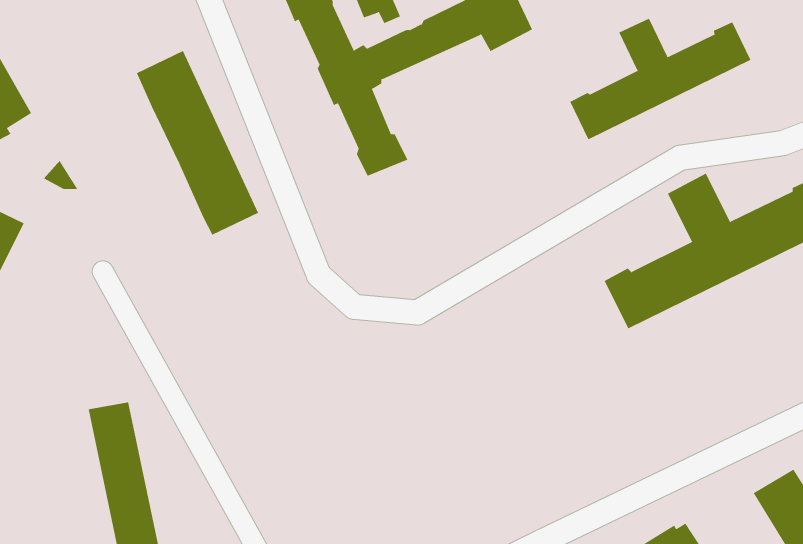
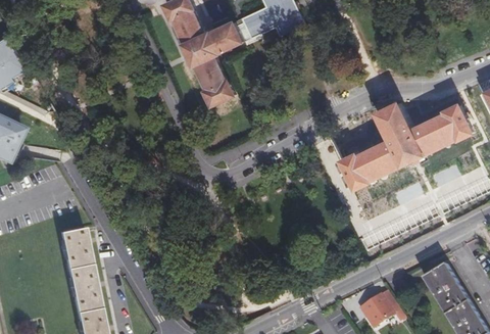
building: [570,18,751,140] -> none
building: [136,50,259,236] -> none

